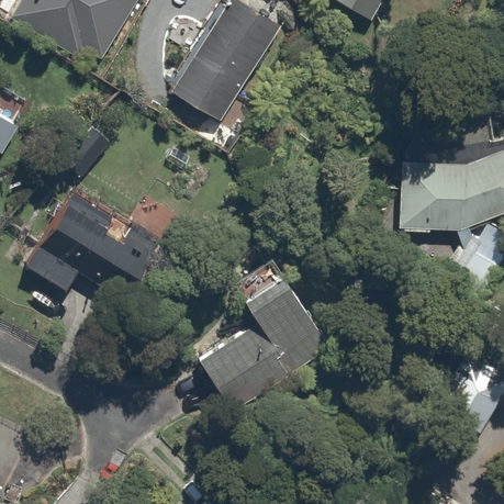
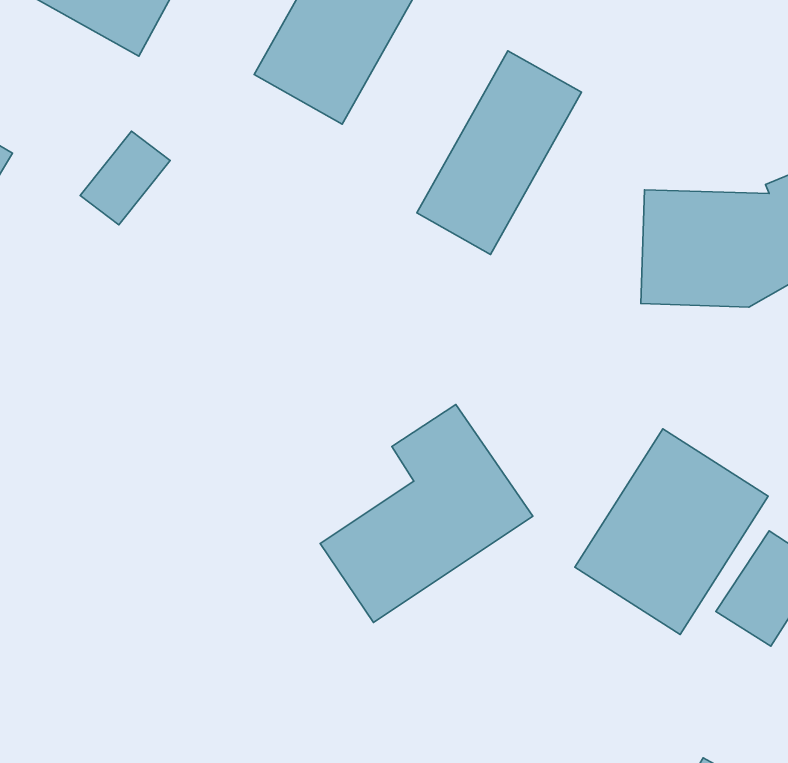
building: none -> [417,51,582,254]
building: [26,190,161,300] -> none
building: none -> [575,429,768,634]

